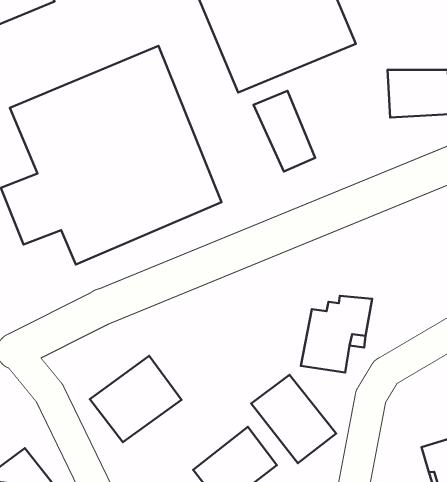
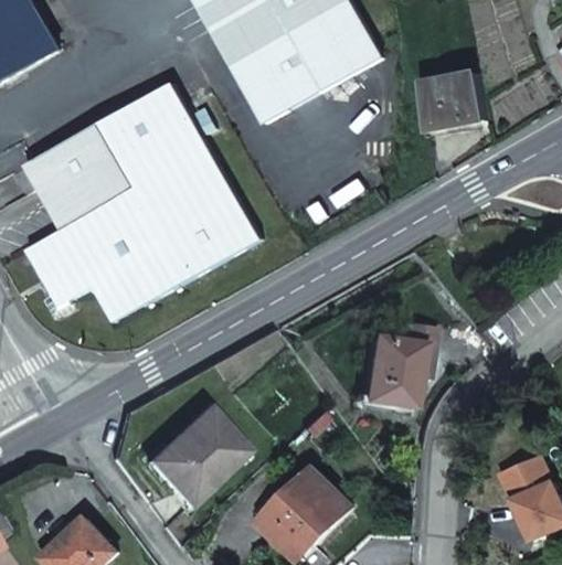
building: [253,91,315,172] -> none
building: [251,375,336,463] -> none

